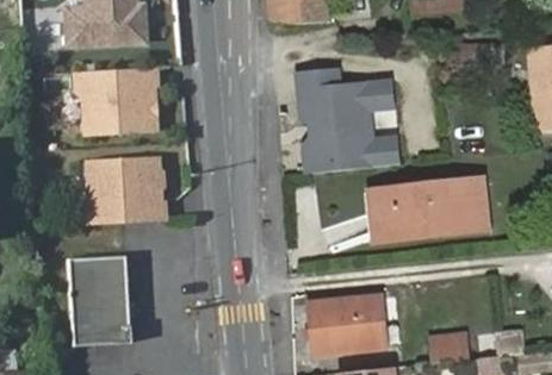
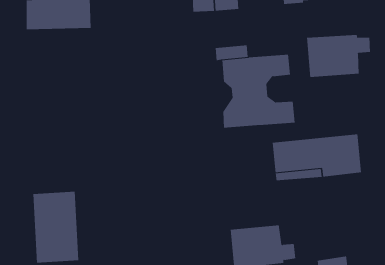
building: none -> [307,34,371,78]
building: [75,65,155,135] -> none
building: [88,156,166,225] -> none

